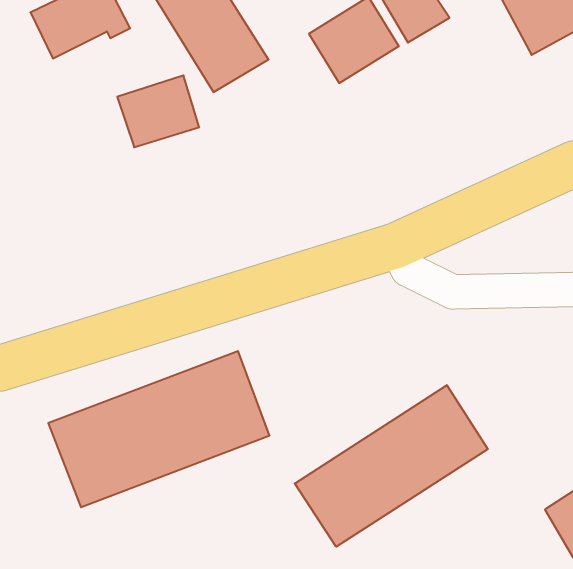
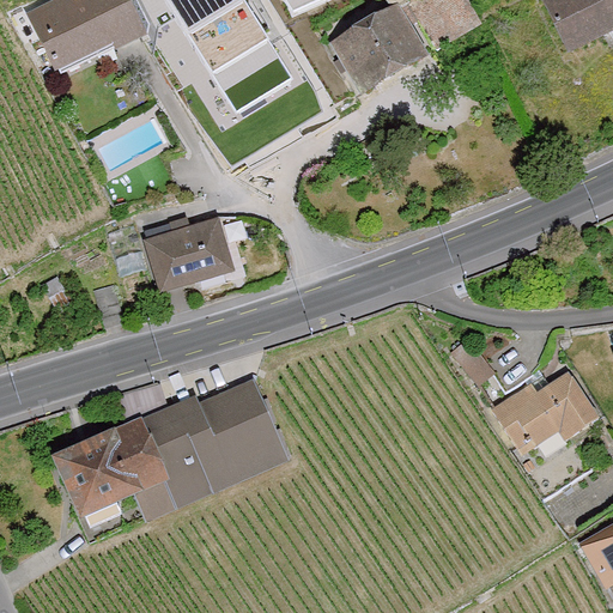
building: [117,75,199,147] -> [146,214,233,291]
building: none -> [494,364,599,449]
building: [295,385,488,547] -> none

